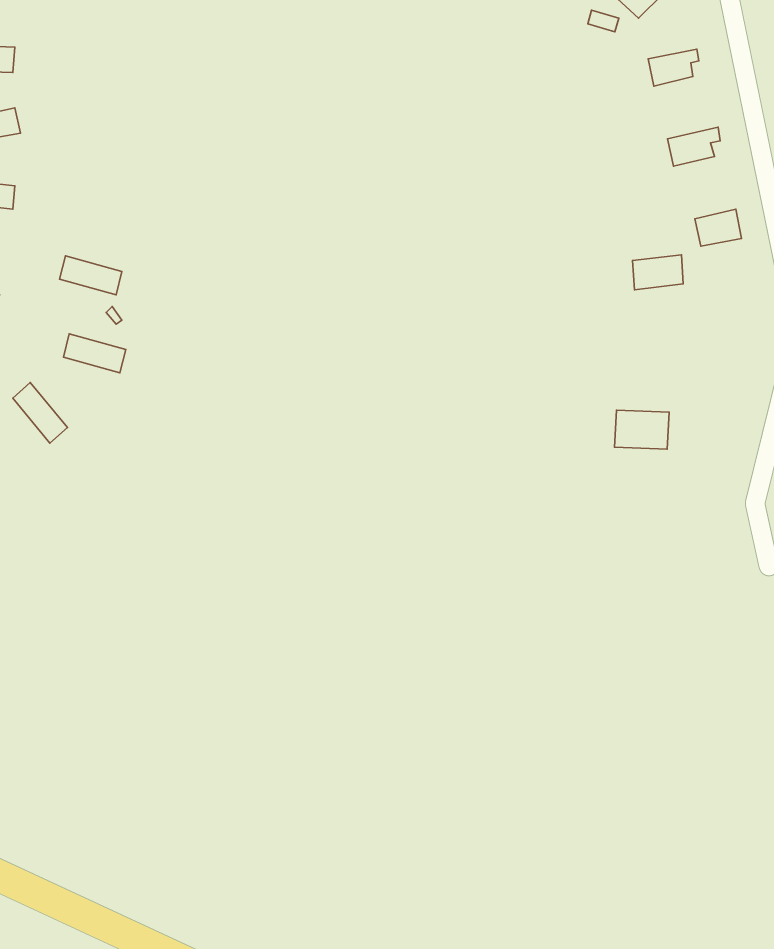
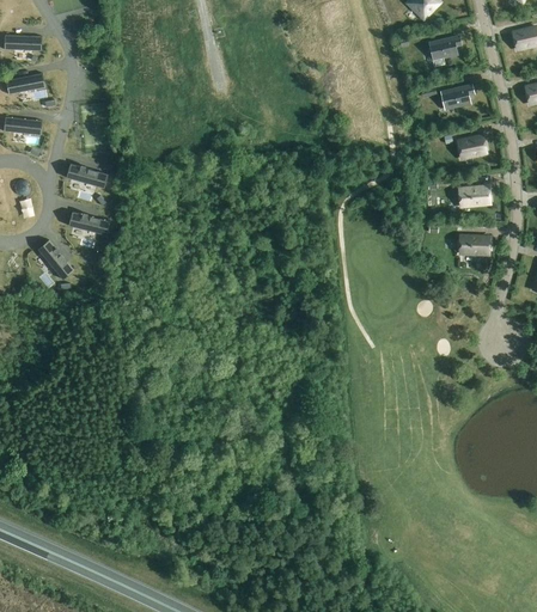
building: [633,255,683,290] -> [459,185,490,207]
building: [615,410,669,449] -> [458,233,492,257]

